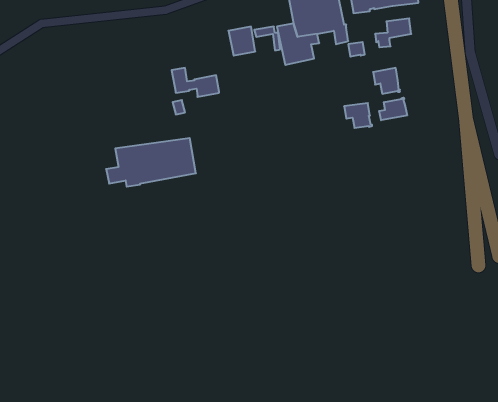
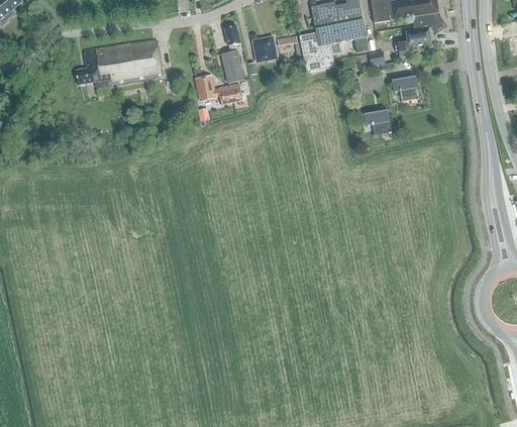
building: none -> [221,24,243,82]
building: [379,98,407,120] -> none
building: [106,138,196,187] -> [75,38,163,86]

